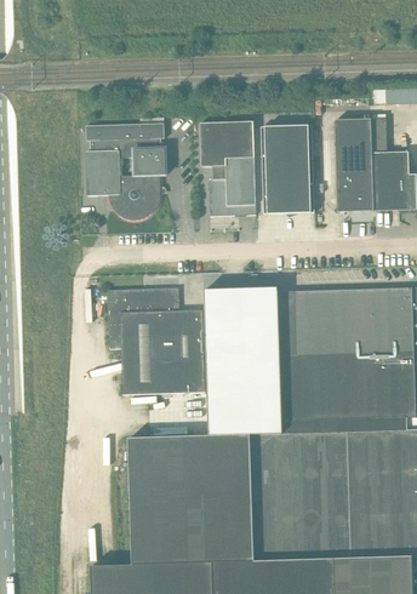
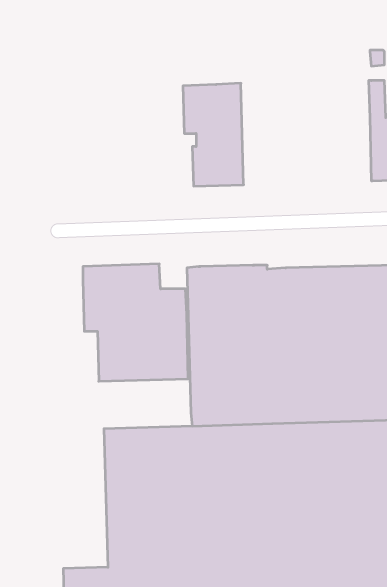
building: [335,119,373,212] -> none
building: [86,124,166,221] -> none
building: [261,126,314,215] -> none

